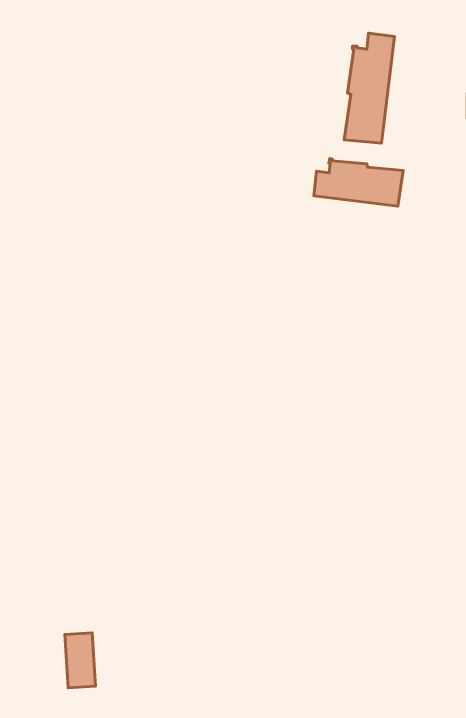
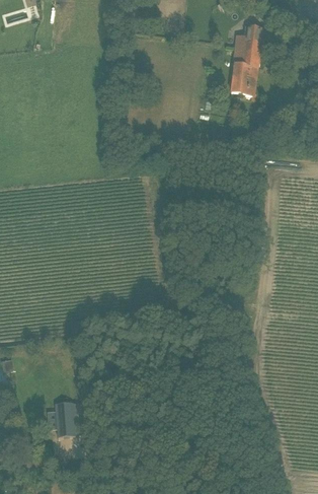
building: [314,159,403,206] -> none

